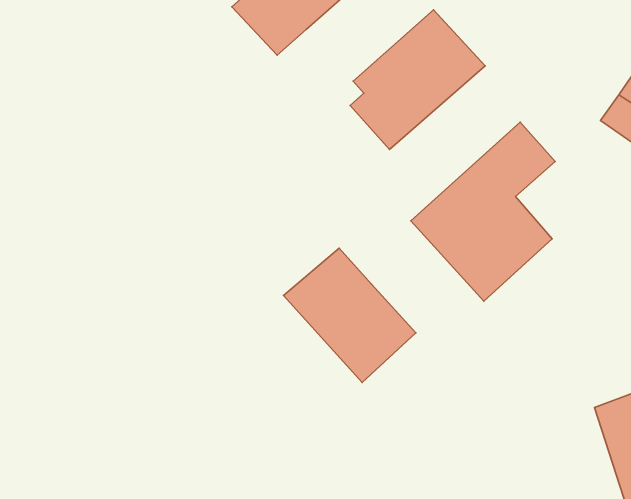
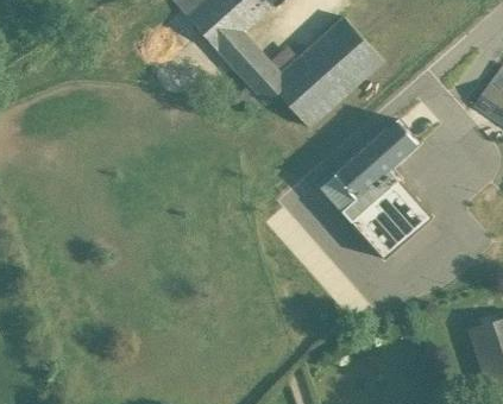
building: none -> [220,33,288,105]
building: [284,248,416,382] -> none

